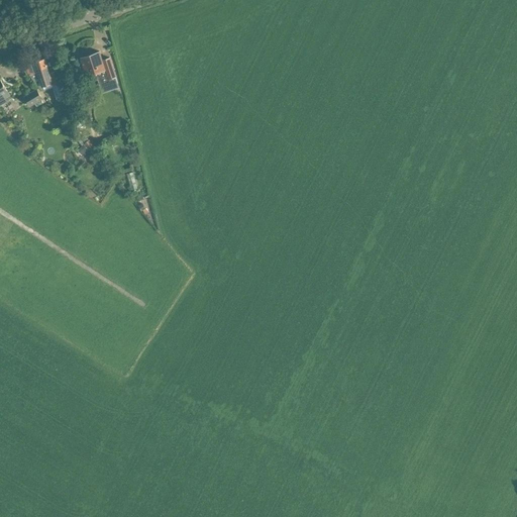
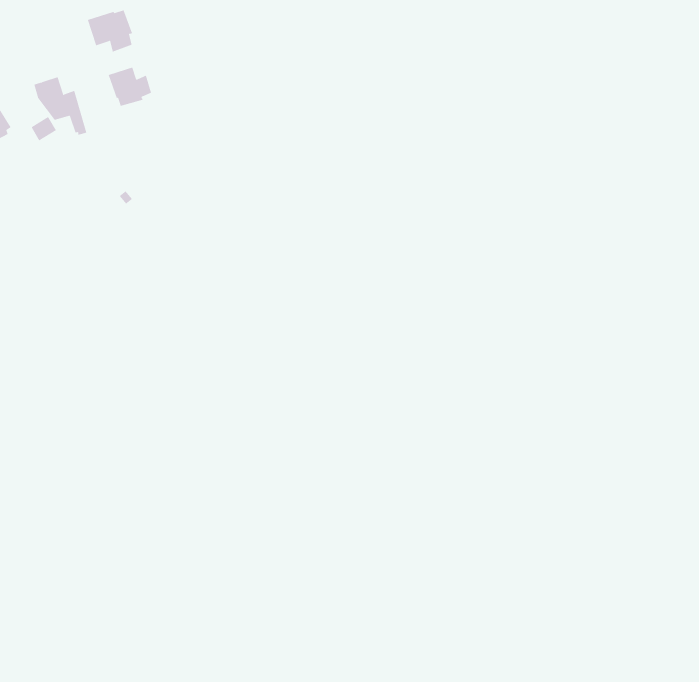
building: none -> [87,9,133,52]

